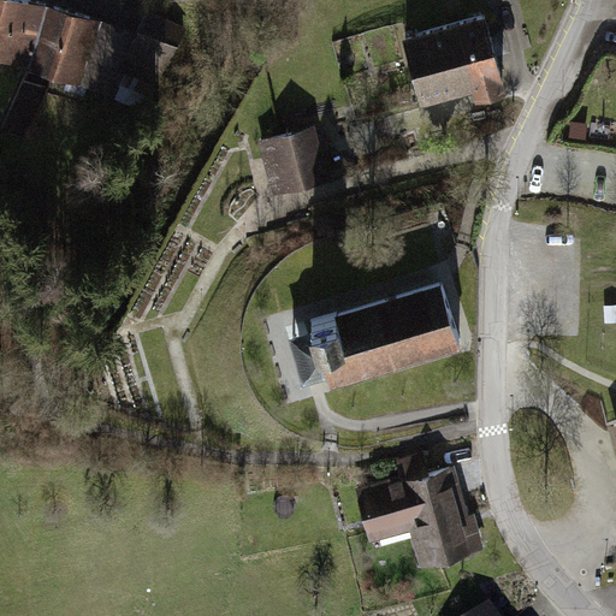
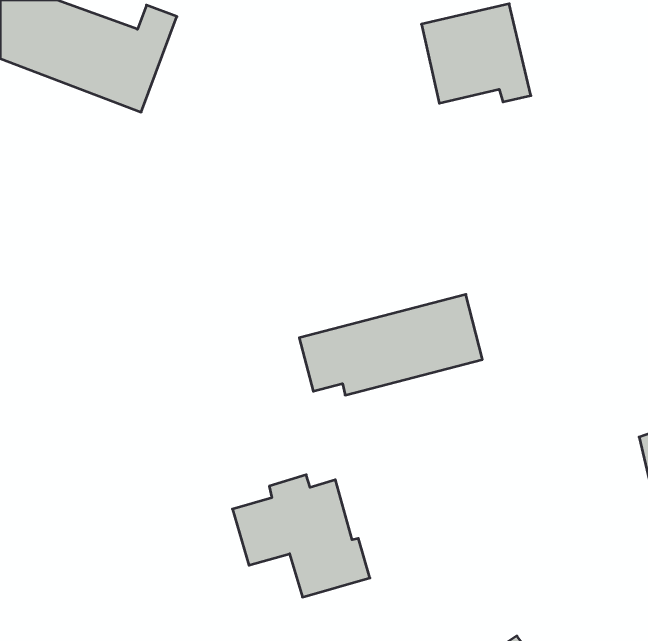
building: [257,125,331,201] -> none
building: [355,458,485,574] -> [232,475,370,597]

